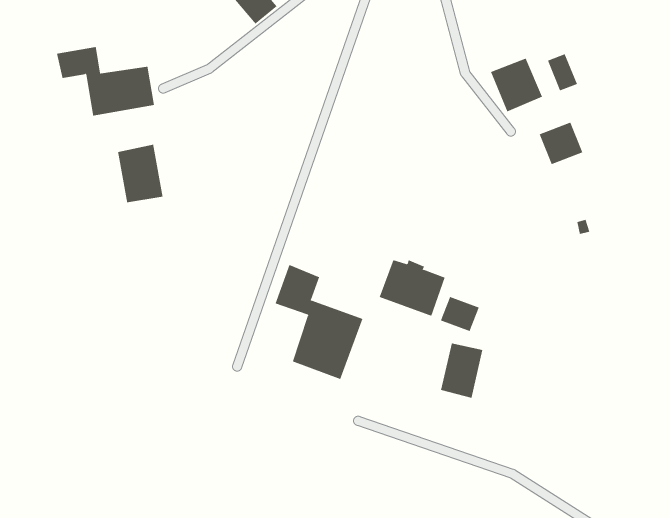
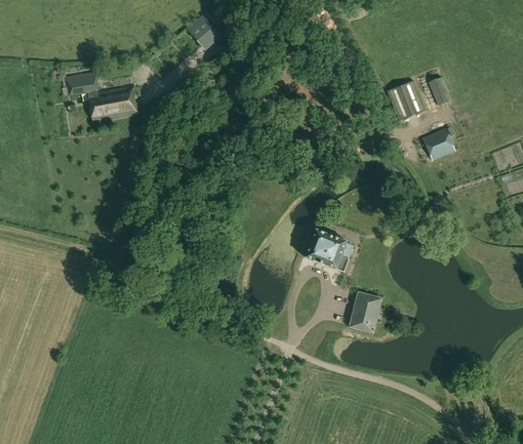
building: [117,144,163,203] -> none
building: [275,264,363,380] -> none
building: [440,296,479,332] -> none

